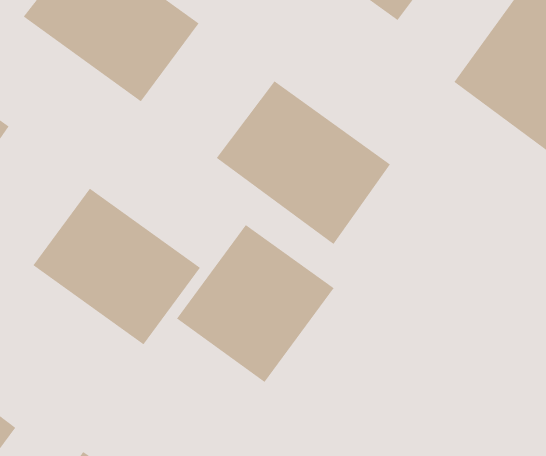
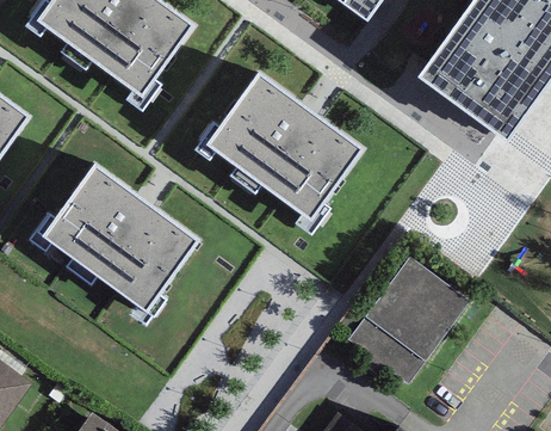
building: [176,224,334,383] -> none
building: none -> [348,248,471,378]

